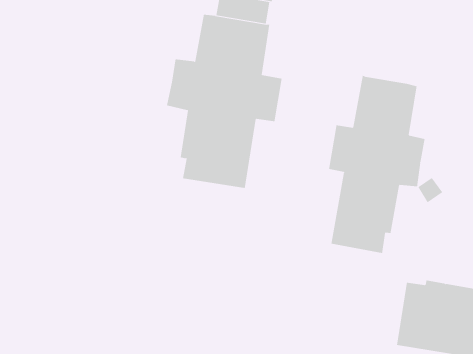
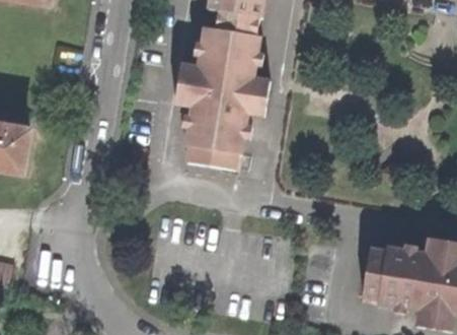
building: [329,75,425,254] -> none

